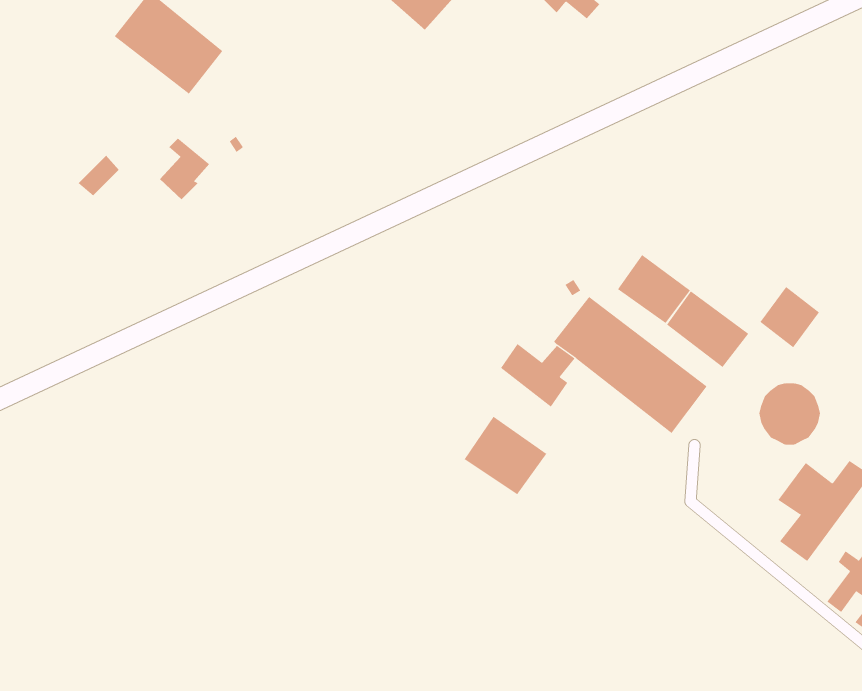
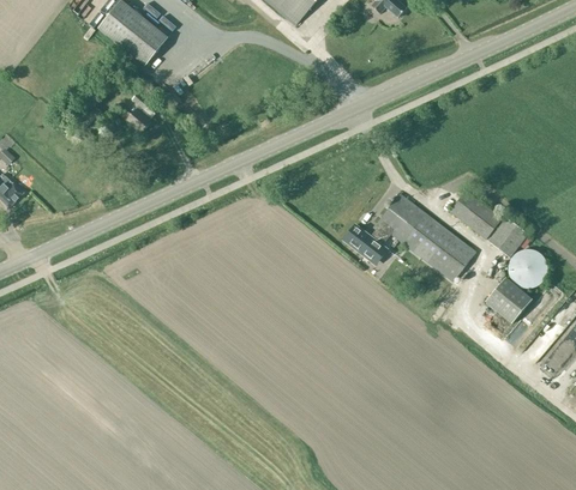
building: [617,254,691,324] -> none
building: [759,286,820,348] -> [488,218,527,258]
building: [464,416,547,495] -> none
building: none -> [485,277,532,325]

